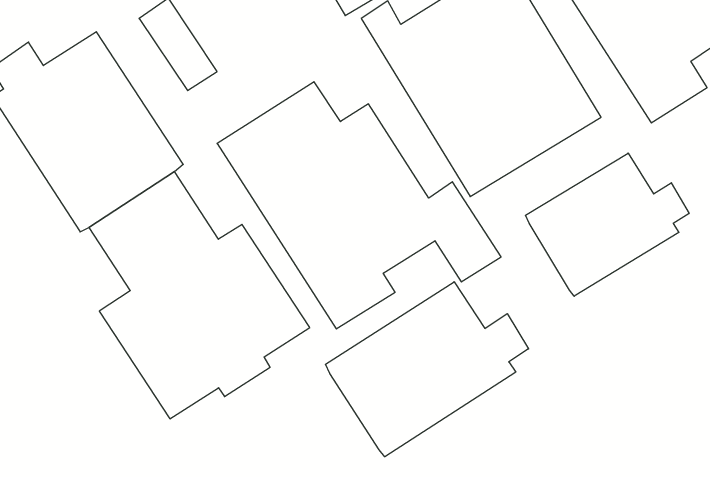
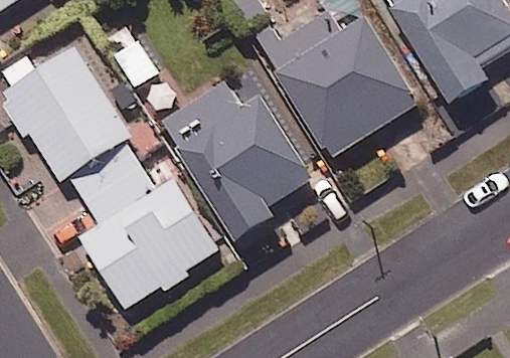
building: [525,153,689,296] -> none
building: [326,282,529,457] -> none

